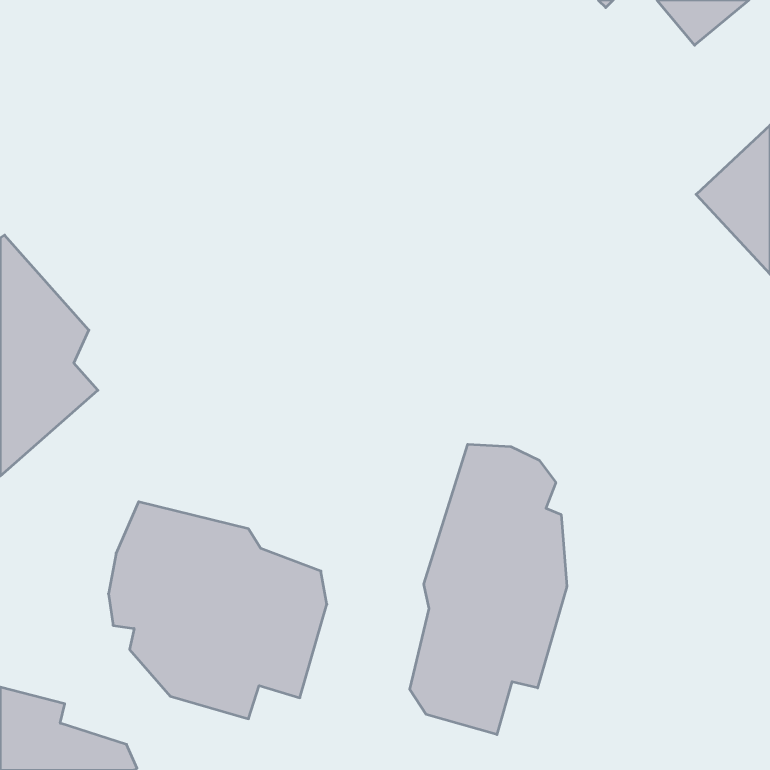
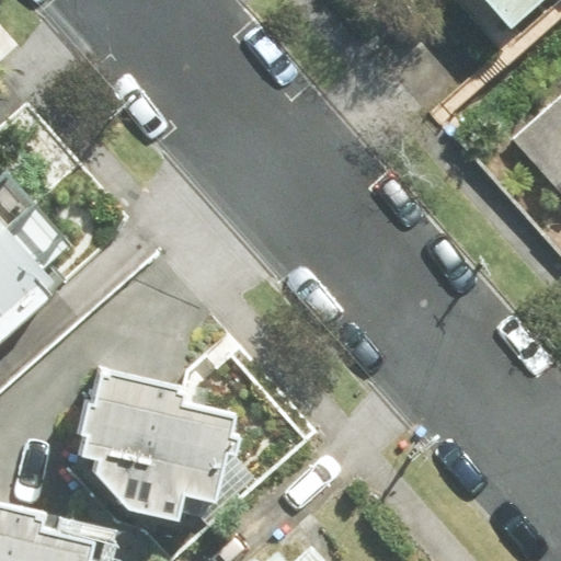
building: [410,444,567,735] -> none

